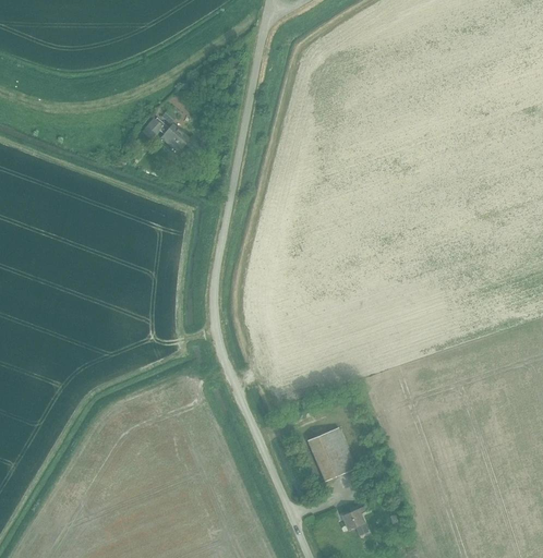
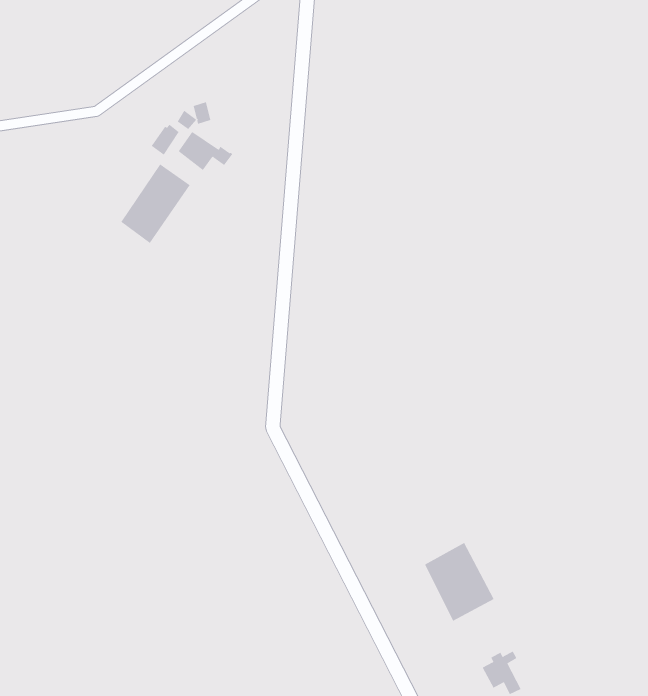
building: none -> [121,163,190,244]

